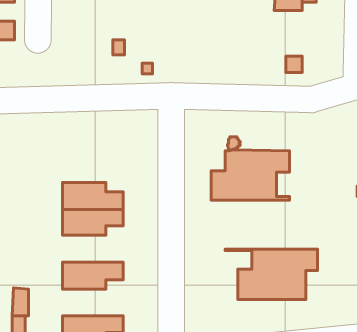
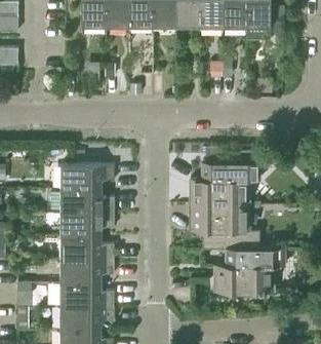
building: none -> [61,165,115,190]
building: none -> [190,205,259,249]
building: none -> [61,236,114,260]
building: none -> [61,283,114,307]

